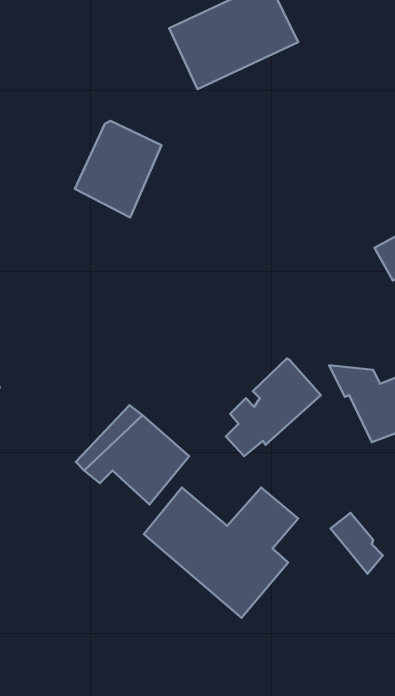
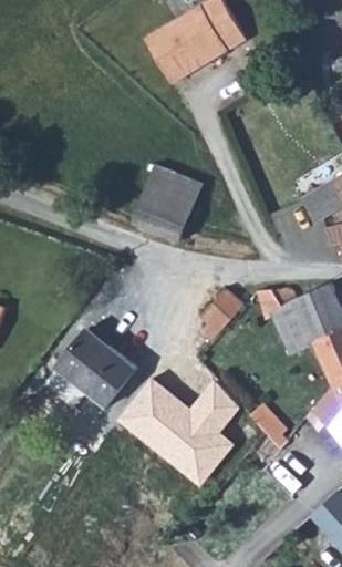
building: [75,121,161,217] -> [123,156,190,231]

